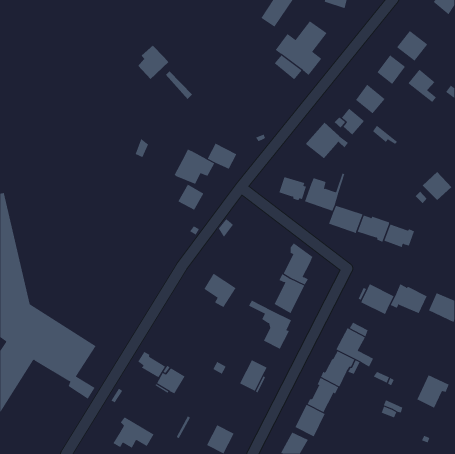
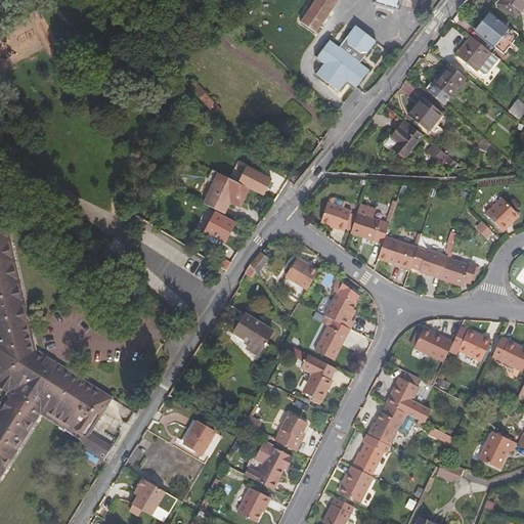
building: [137,45,169,80] -> none
building: [407,69,437,103] -> [475,12,509,51]
building: [305,122,348,159] -> none
building: none -> [285,257,317,289]
building: [137,351,166,378] -> none
building: none -> [244,441,293,488]

